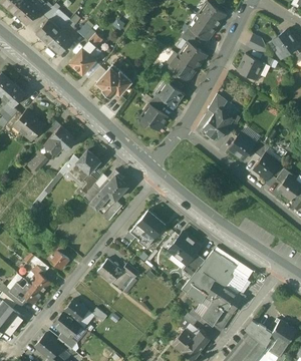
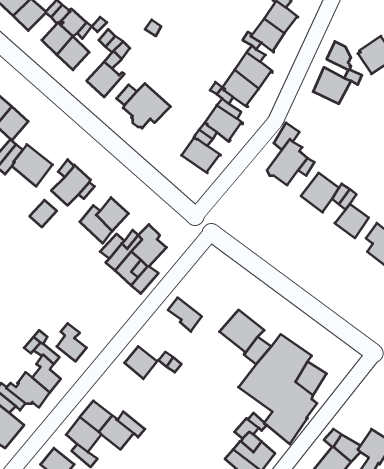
building: [136,210,166,238] -> none

